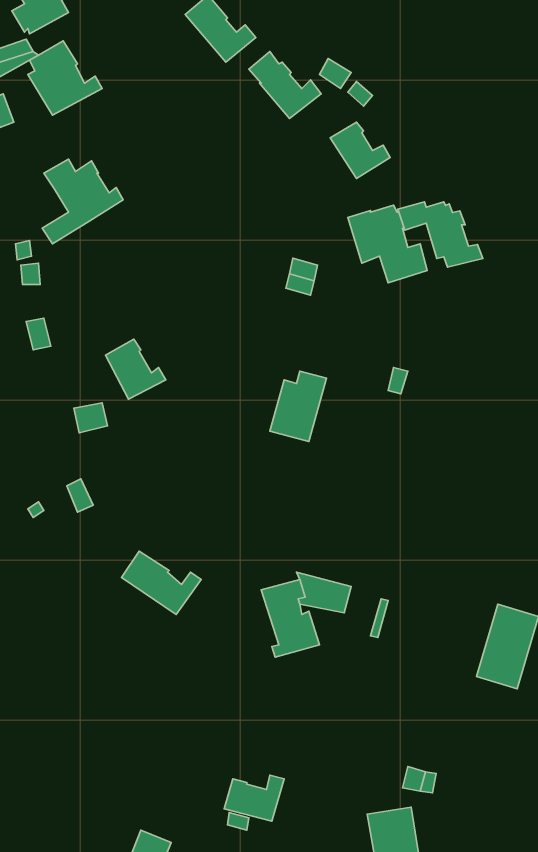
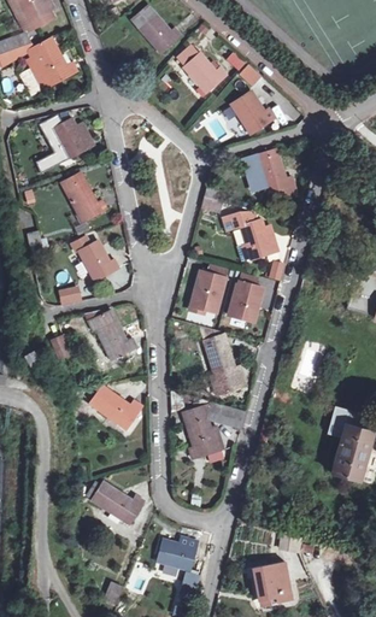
building: [398,202,483,267] -> [221,212,278,257]
building: none -> [61,175,106,223]
building: none -> [228,271,263,321]
building: none -> [83,311,135,360]
building: none -> [199,325,248,394]
building: none -> [93,481,147,525]

